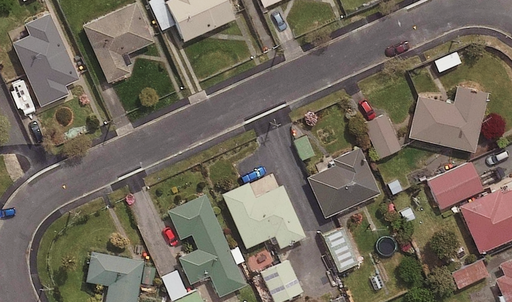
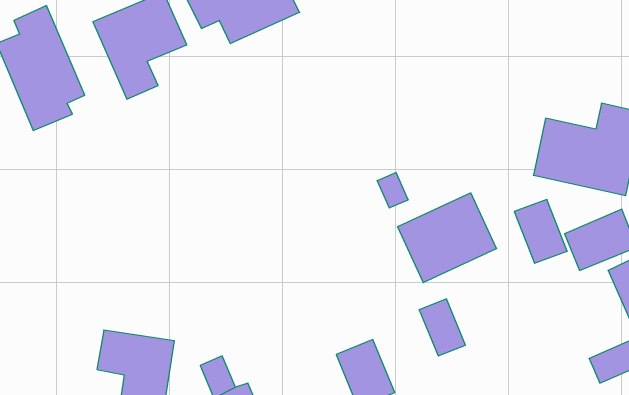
building: [364,111,403,158] -> [514,199,567,263]
building: [225,185,306,250] -> none
building: [172,193,246,295] -> none

